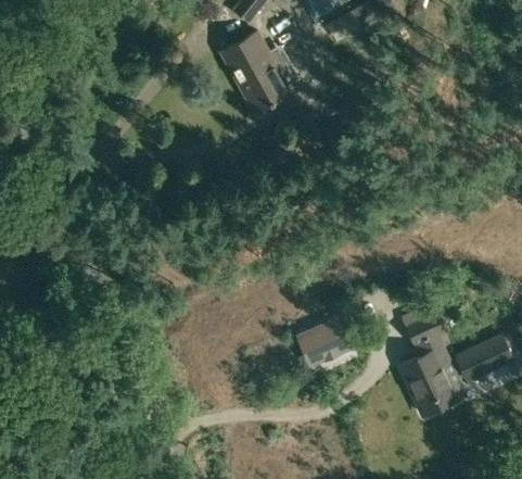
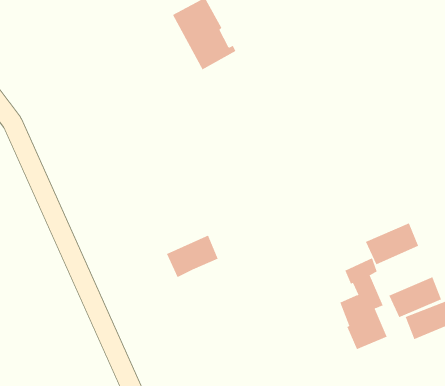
building: none -> [365,222,419,265]
building: [301,316,357,363] -> [166,235,218,278]

